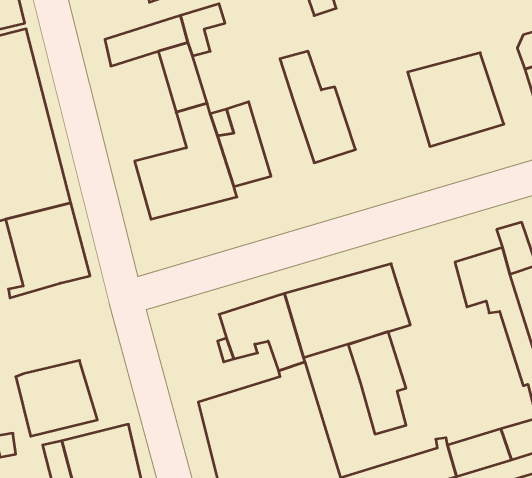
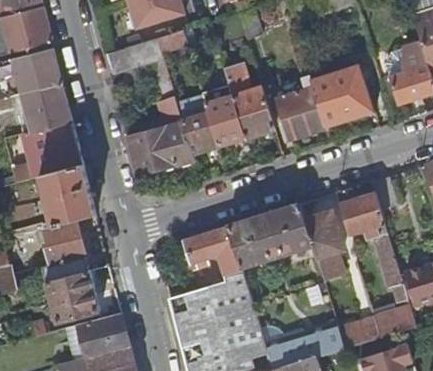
building: none -> [276,66,325,139]
building: none -> [205,96,247,147]
building: none -> [41,219,89,280]
building: [348,332,406,434] -> [304,213,343,282]

